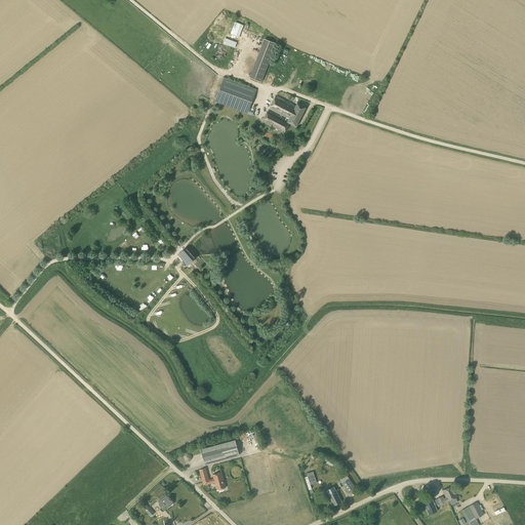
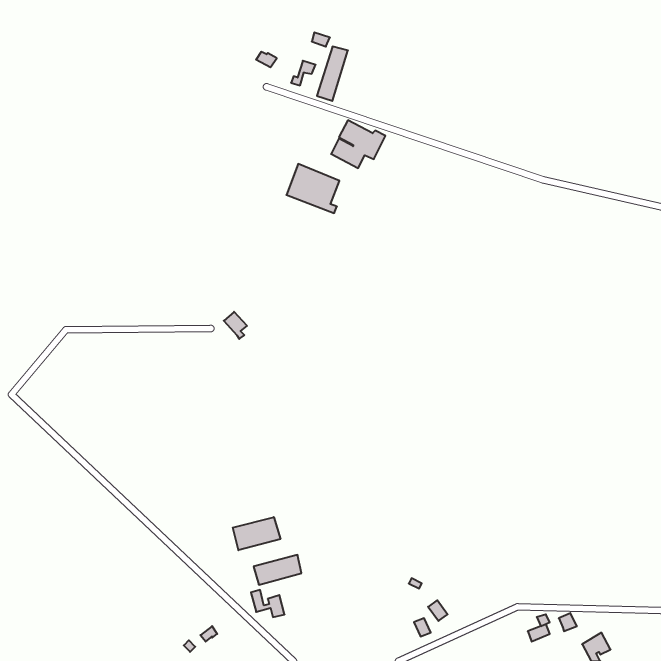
building: [214,77,256,116] -> [286,164,339,213]
building: none -> [233,517,280,550]

